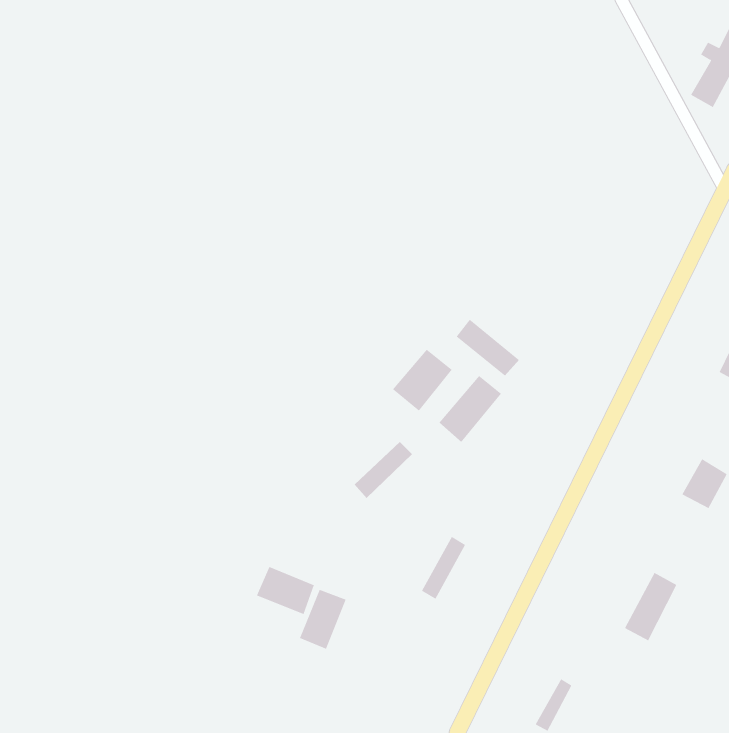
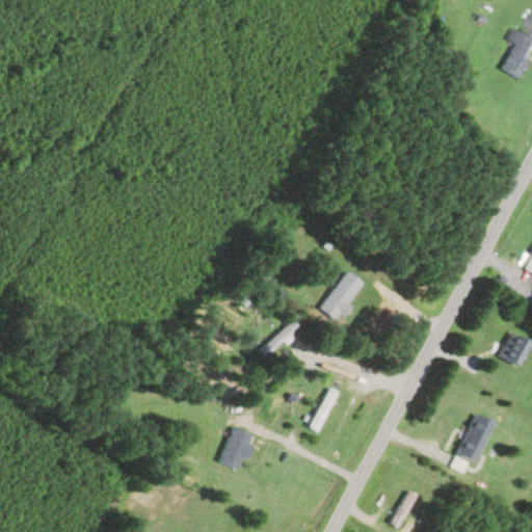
building: [456,319,520,377] -> none
building: [392,349,453,411] -> none
building: [256,566,314,615] -> none

